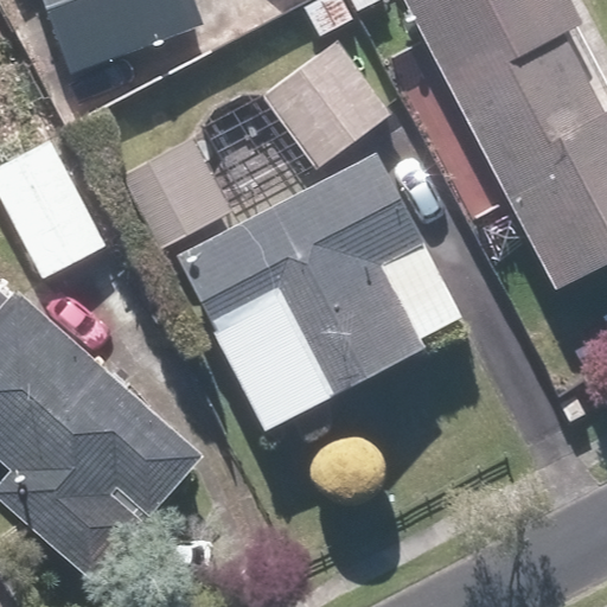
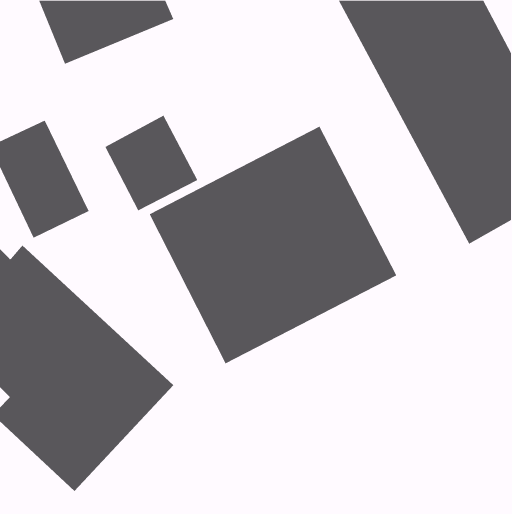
building: [263,43,390,170] -> none

